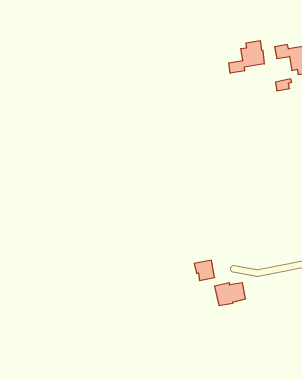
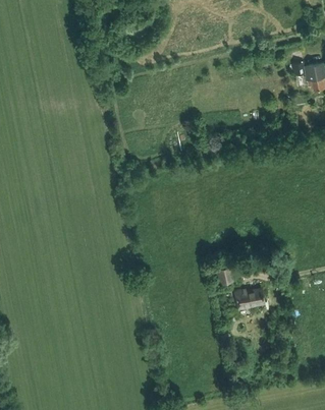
building: [229,41,264,73] -> none

